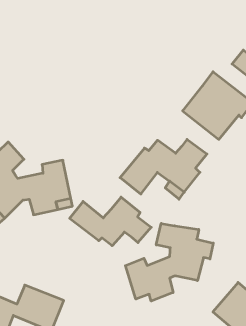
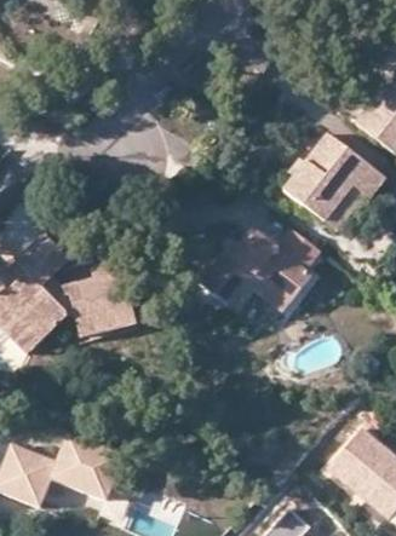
building: [70,197,151,246] -> none
building: [125,223,213,301] -> none

